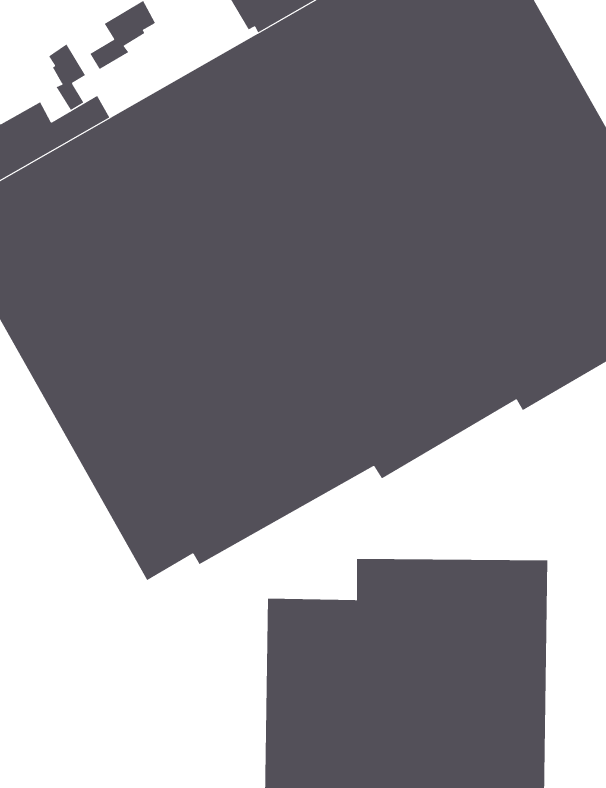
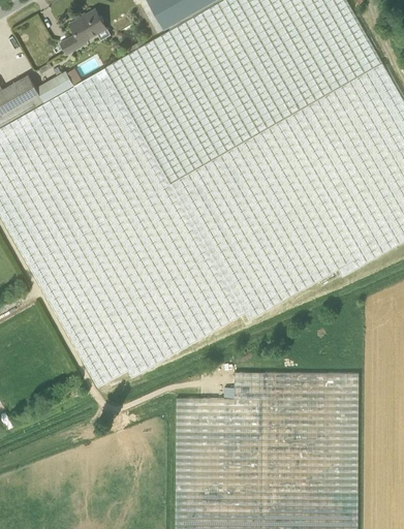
building: [45,44,86,111] -> none

